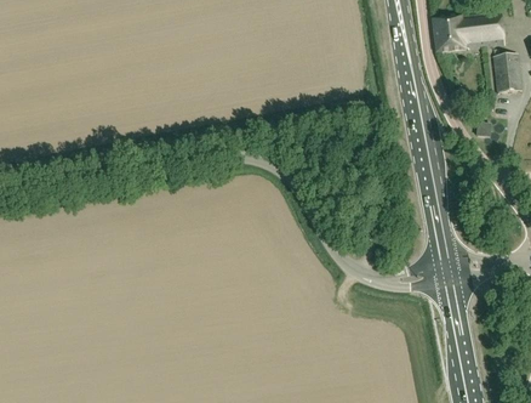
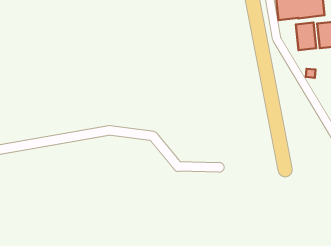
building: none -> [296,22,316,50]

